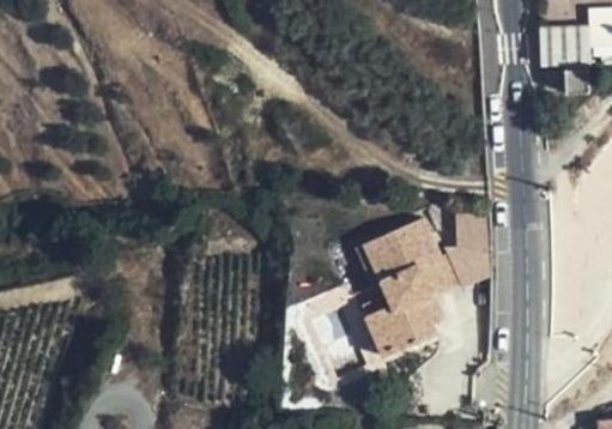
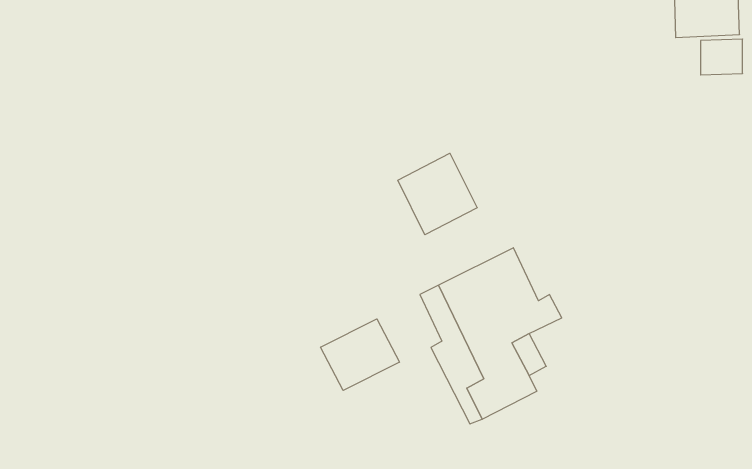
building: none -> [398,153,477,235]
building: none -> [321,319,399,390]

